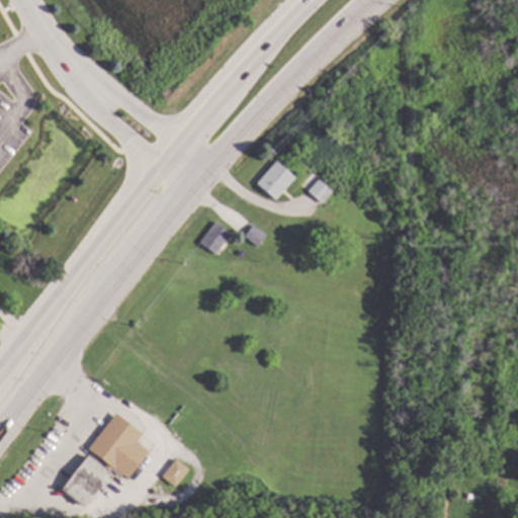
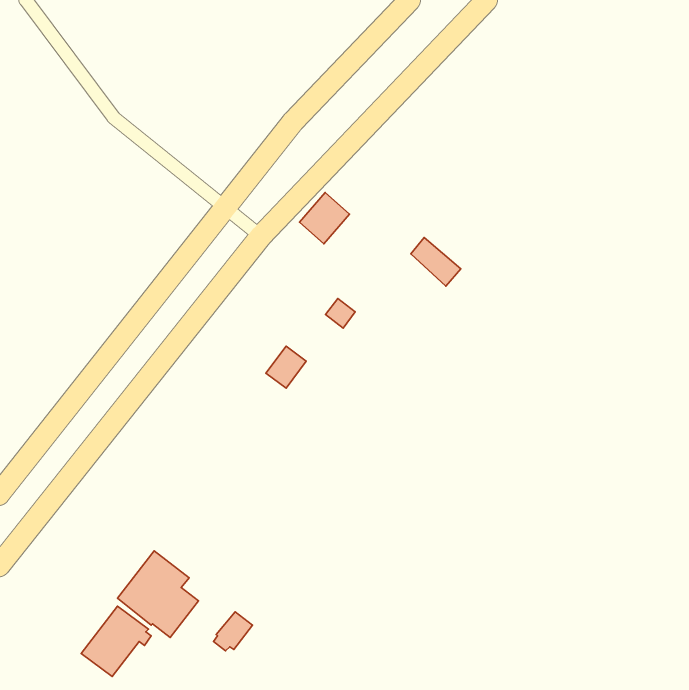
building: [257,161,294,199] -> [299,193,349,244]
building: [200,222,231,253] -> [266,346,306,388]

